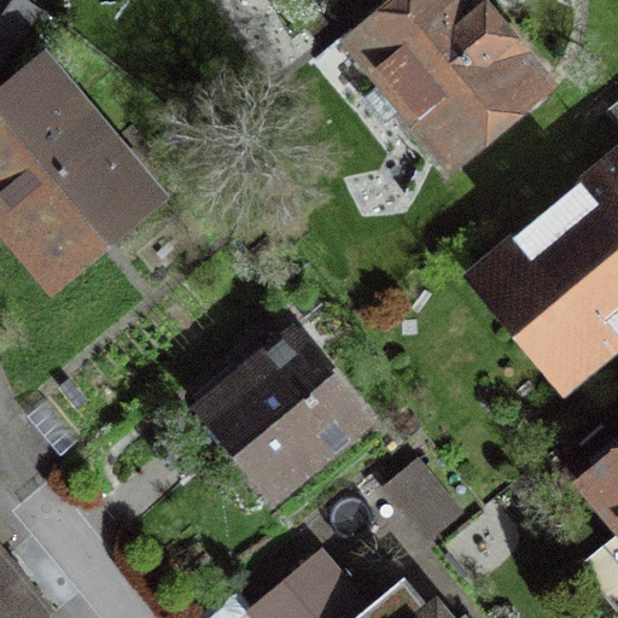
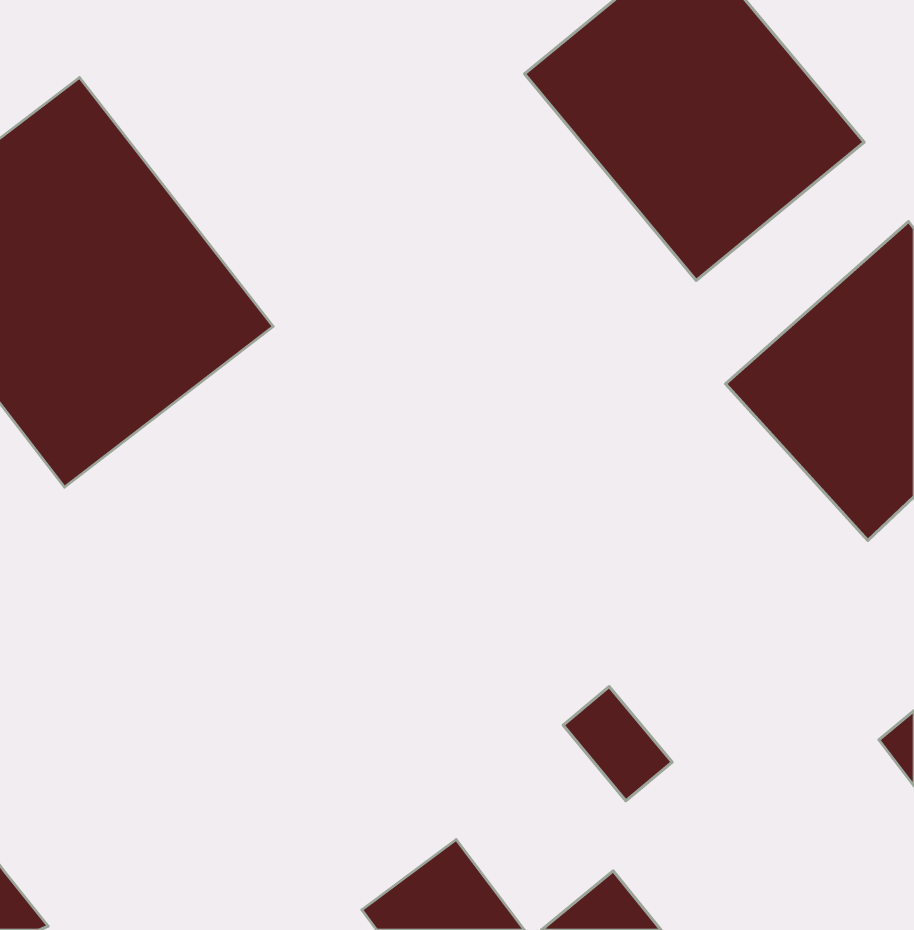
building: [192,330,380,517] -> none

